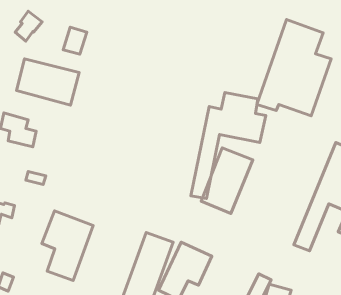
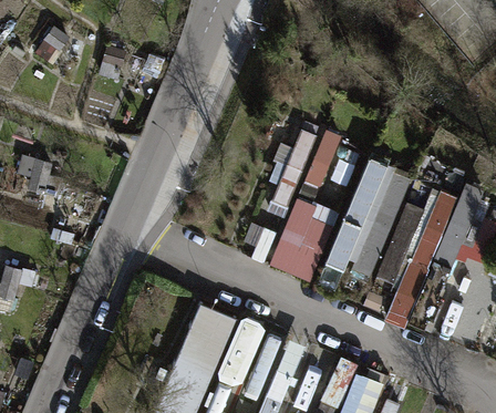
building: [257,20,331,116] -> [328,162,422,283]
building: [16,59,79,105] -> none
building: [42,211,93,280] -> none

